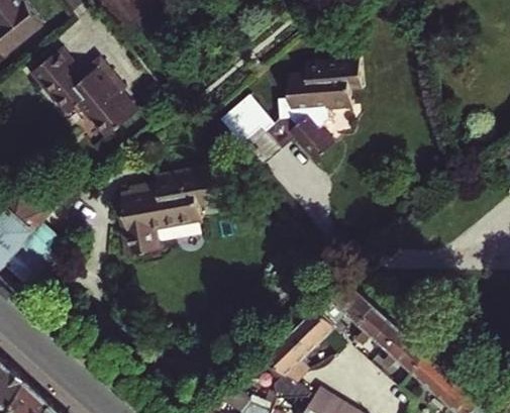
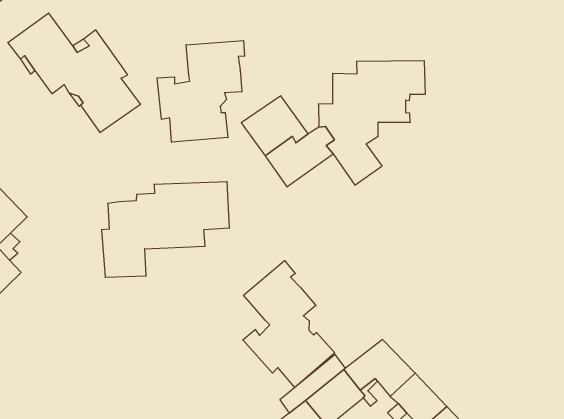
building: none -> [157,41,244,142]
building: none -> [243,261,335,388]

